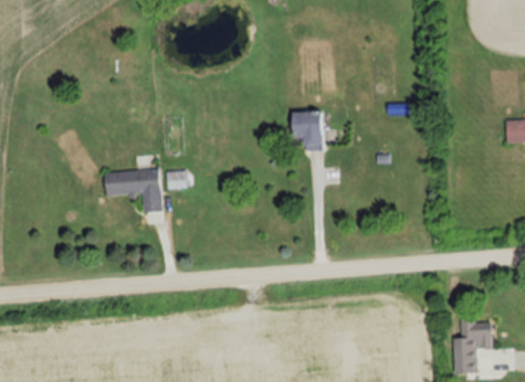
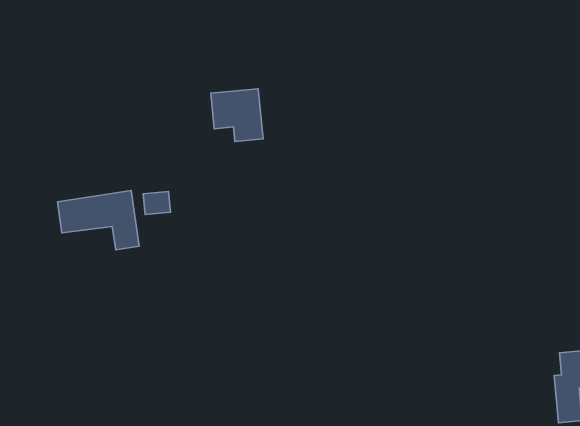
building: [290,114,325,151] -> [211,89,263,142]

